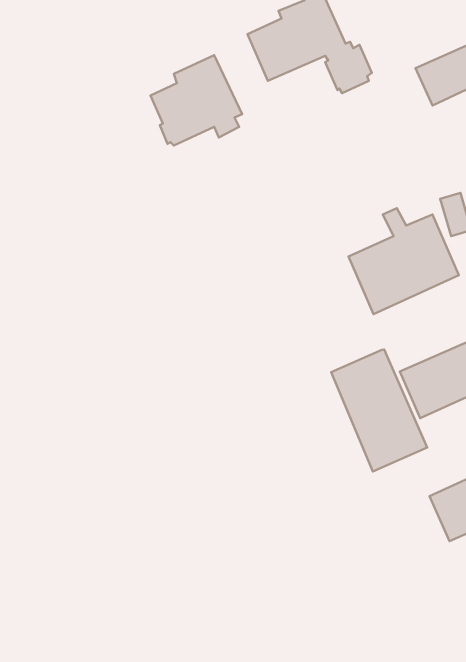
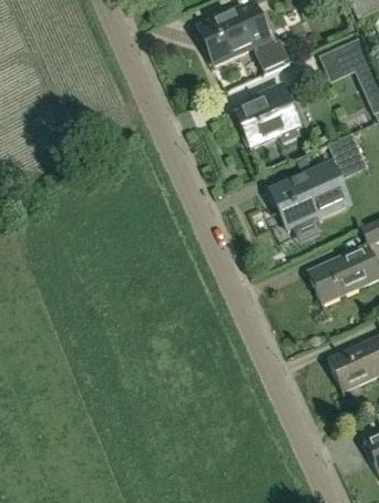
building: [150,55,242,145] -> [236,83,301,147]
building: [331,350,427,471] -> none

